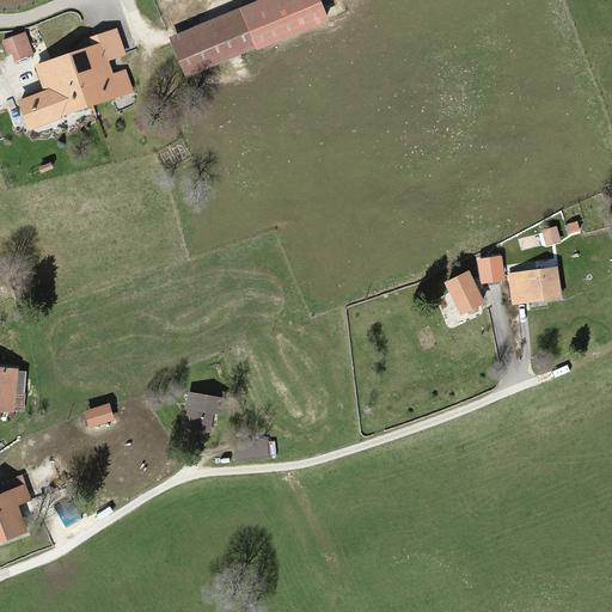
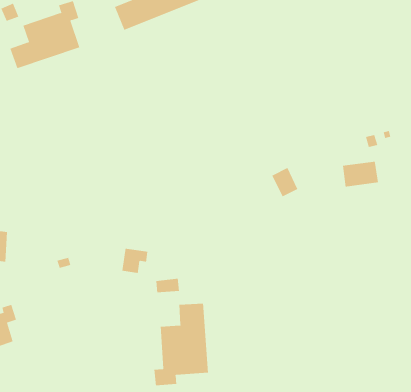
building: [477,255,506,282] -> none
building: [445,270,484,314] -> [271,167,298,197]
building: none -> [154,303,208,386]

